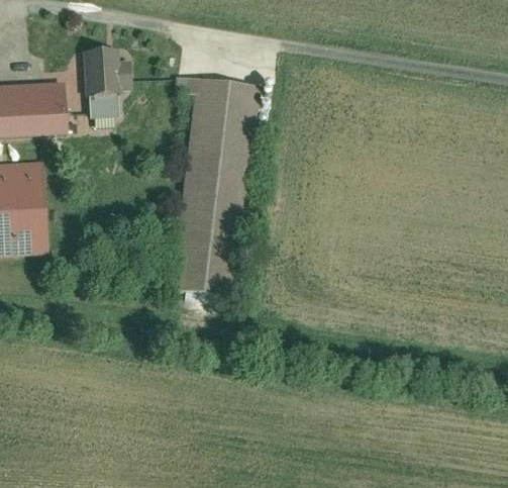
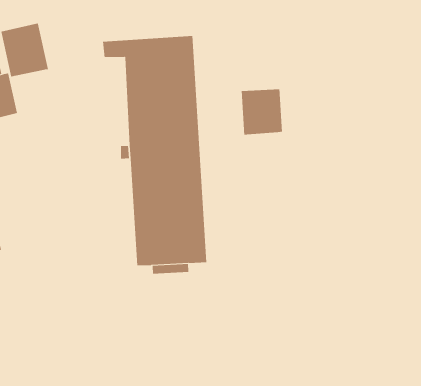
building: [87,93,117,120] -> none
building: none -> [241,89,282,135]

